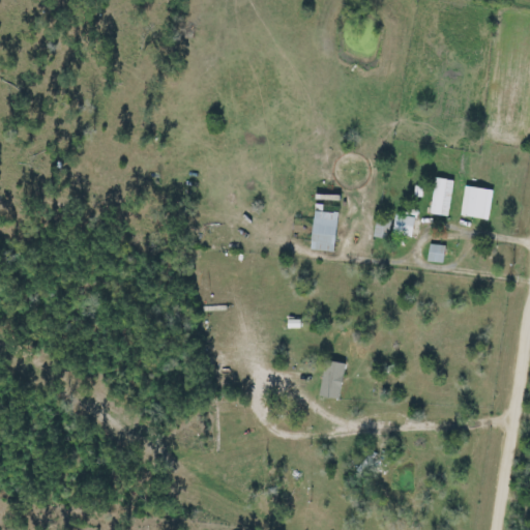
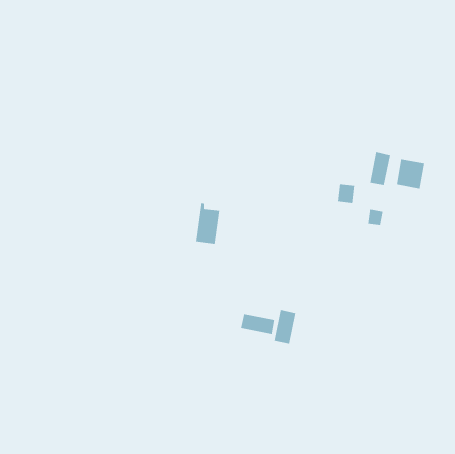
building: [310,203,338,252] -> [195,202,220,244]
building: none -> [241,314,275,335]

